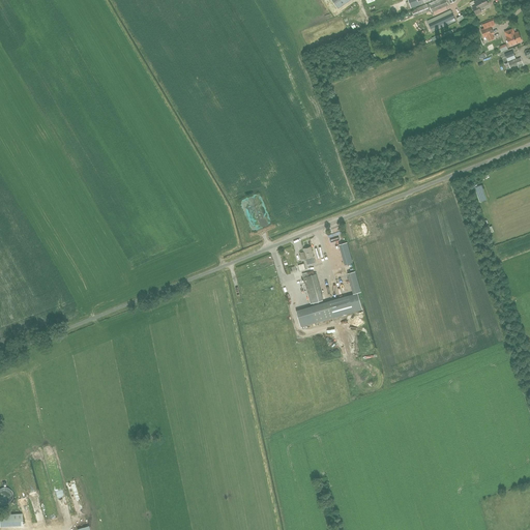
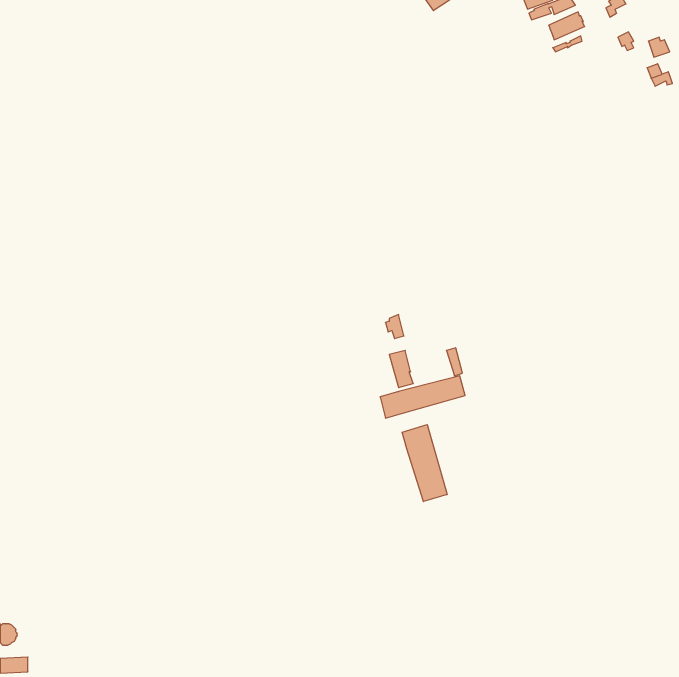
building: none -> [402,425,447,502]

